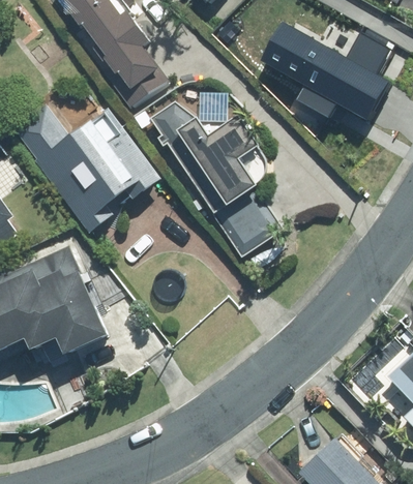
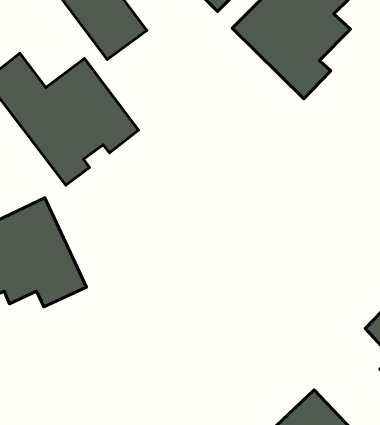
building: [150,98,287,258] -> none

